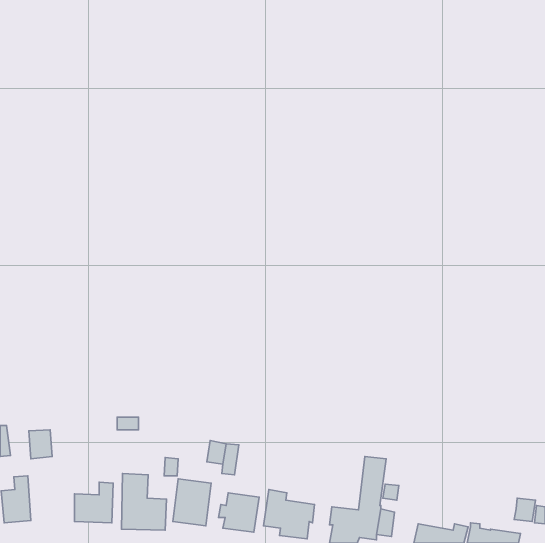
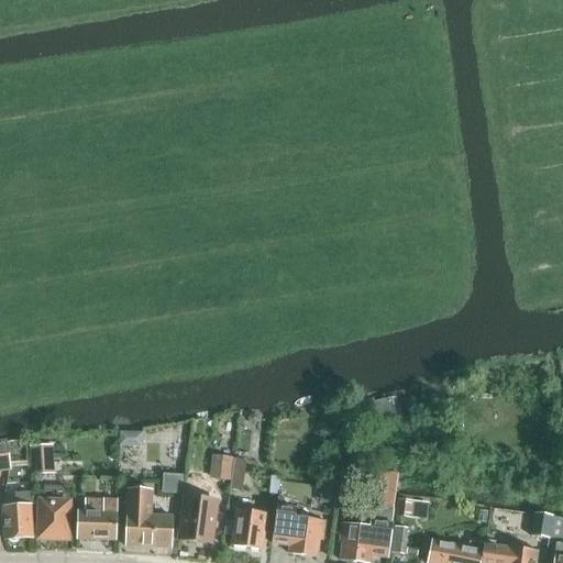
building: none -> [38,499,69,538]

